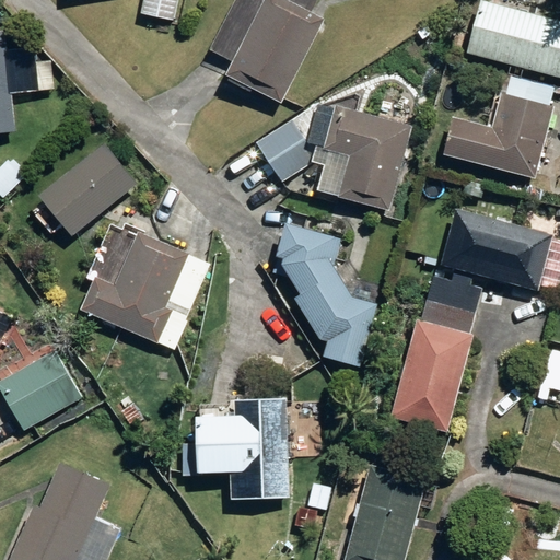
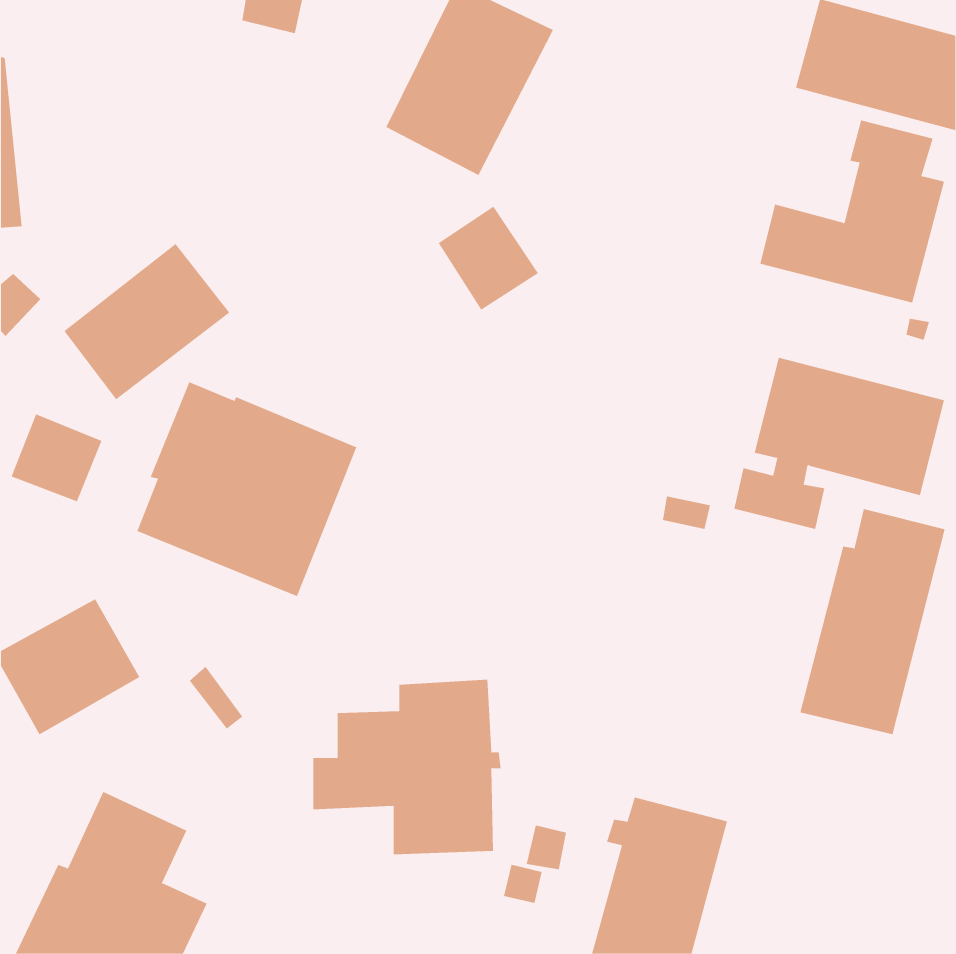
building: [308,104,411,210] -> none
building: [271,223,377,366] -> none
building: none -> [11,413,102,502]
building: [392,298,477,430] -> [800,509,946,735]

